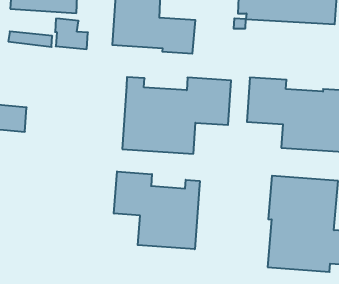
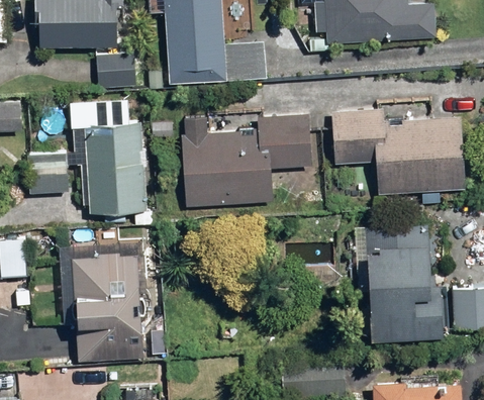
building: none -> [72,119,140,209]
building: [114,171,200,249] -> none
building: none -> [73,253,138,358]

